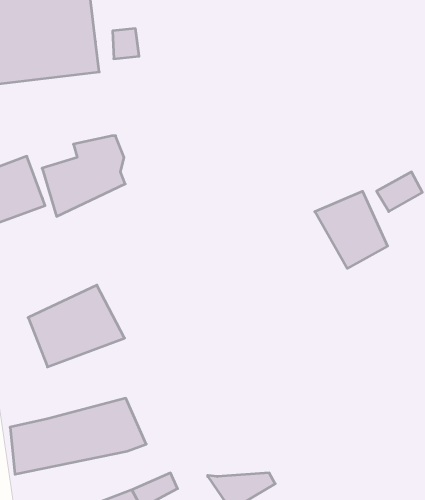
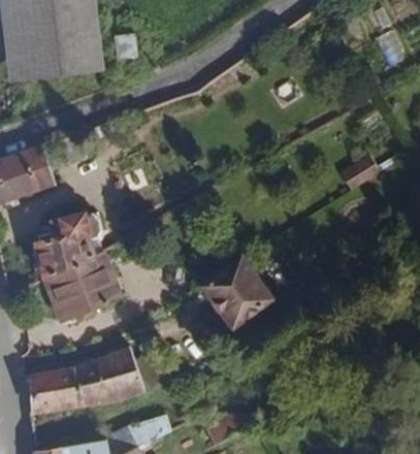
building: [42,136,125,216] -> [31,212,102,281]
building: [315,191,388,268] -> none
building: none -> [202,257,278,331]

